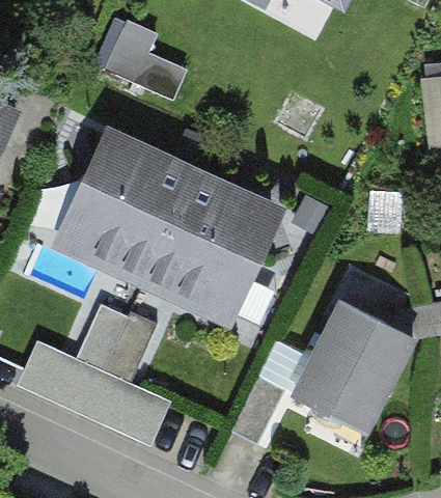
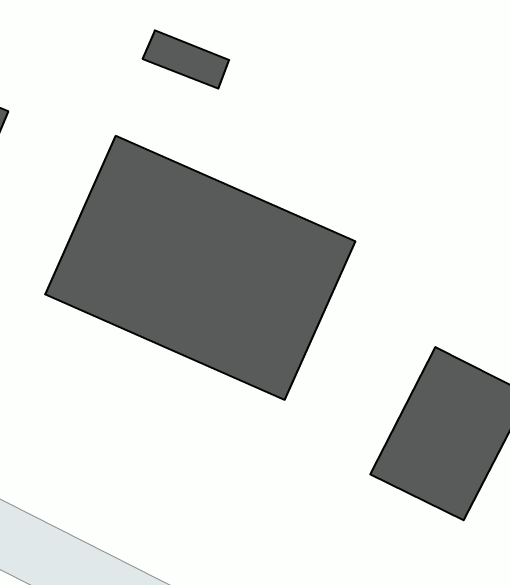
building: [80,301,160,377] -> none
building: [19,339,172,443] -> none

